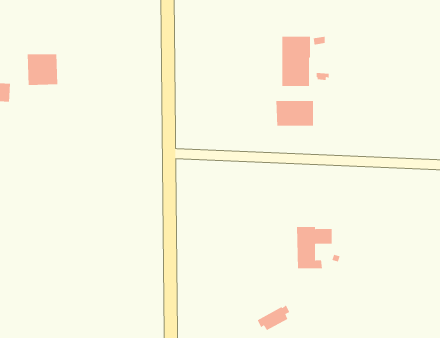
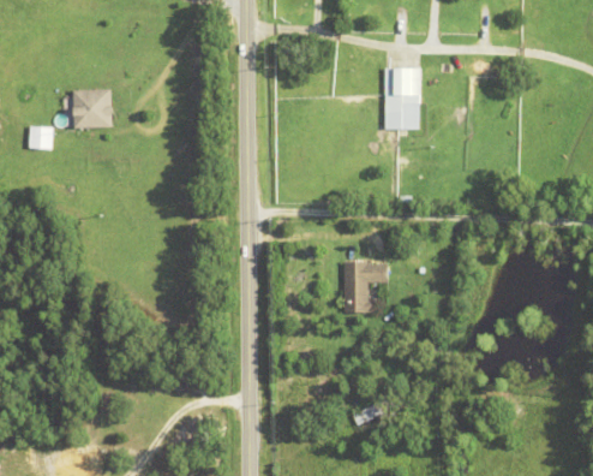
building: [276,100,314,127] -> none
building: [296,227,333,269] -> [342,261,387,313]

